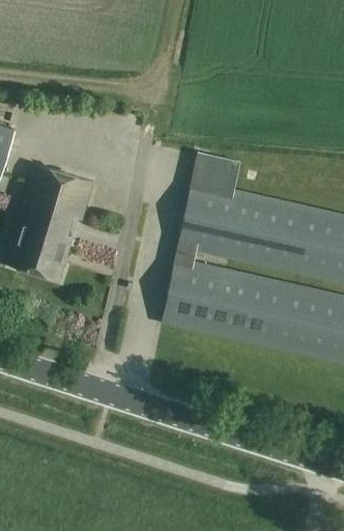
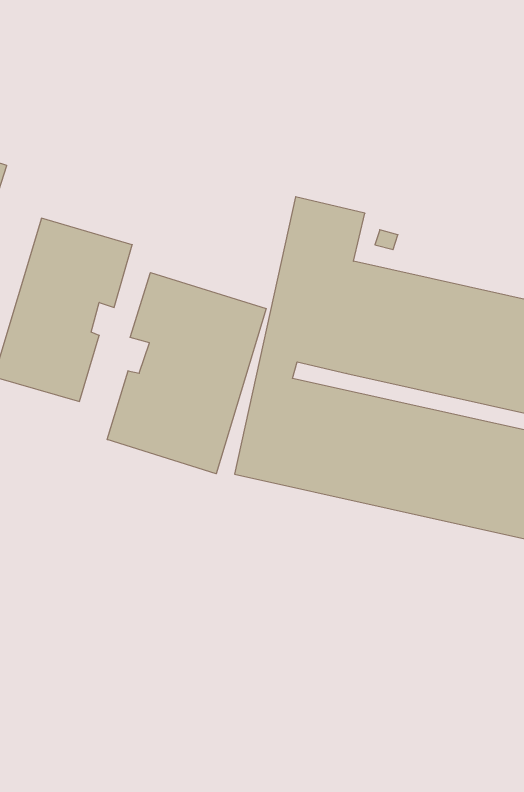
building: none -> [107,273,266,474]

